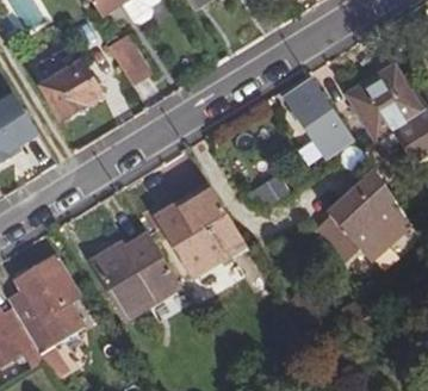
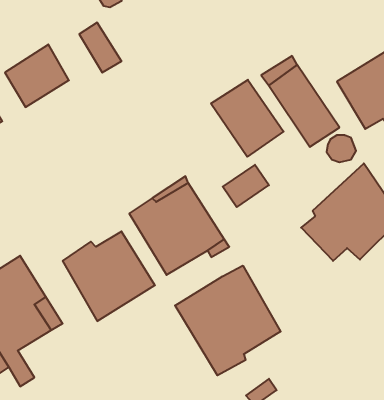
building: none -> [211,80,284,157]
building: none -> [175,266,281,375]

